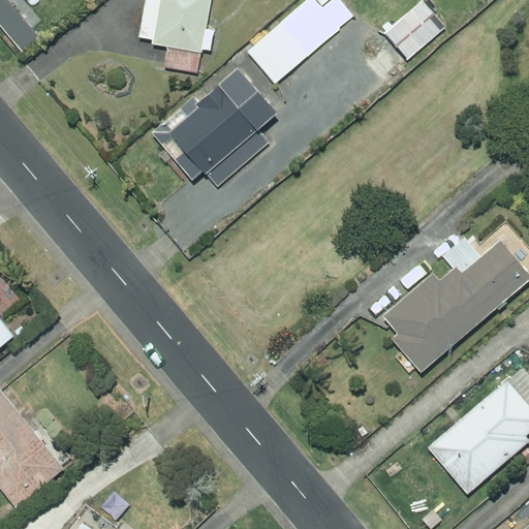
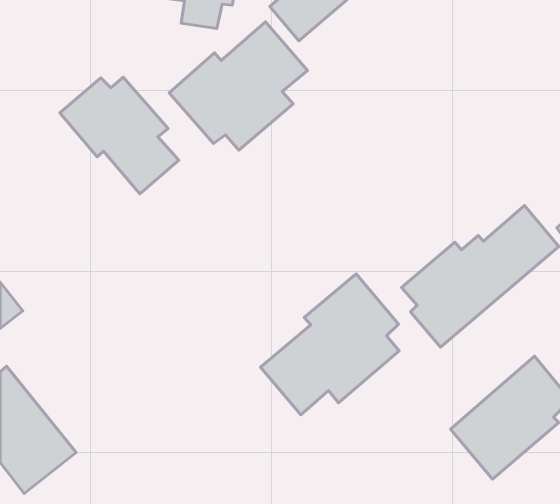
building: none -> [60,77,179,194]
building: none -> [260,274,399,415]

